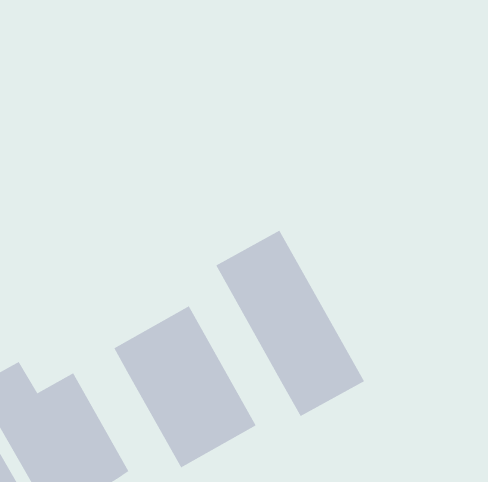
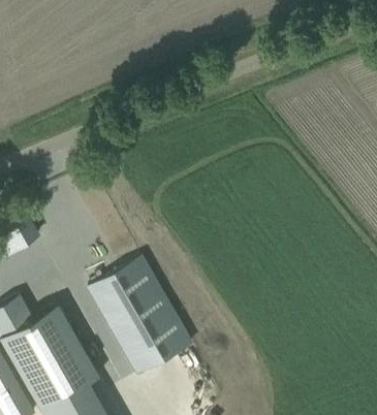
building: [215,230,365,417] -> none

